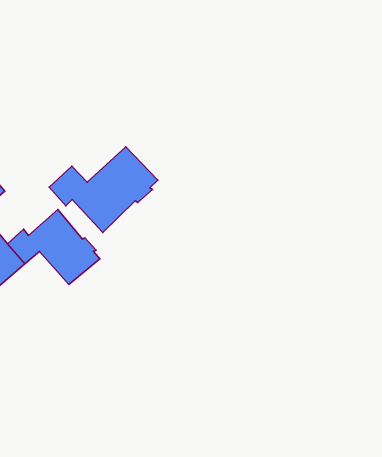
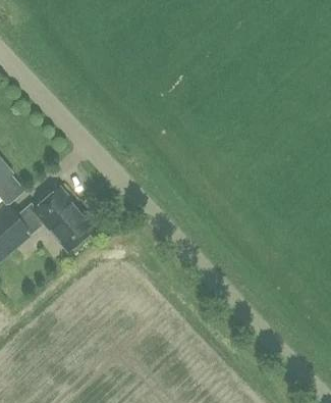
building: [49,147,158,232] -> none

